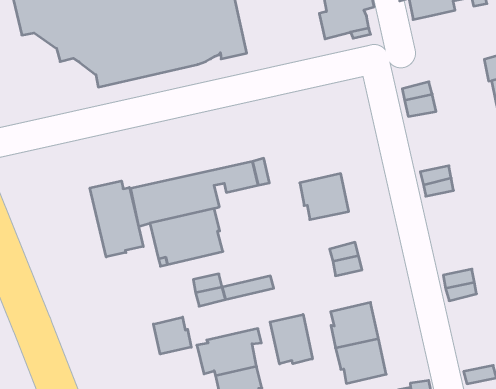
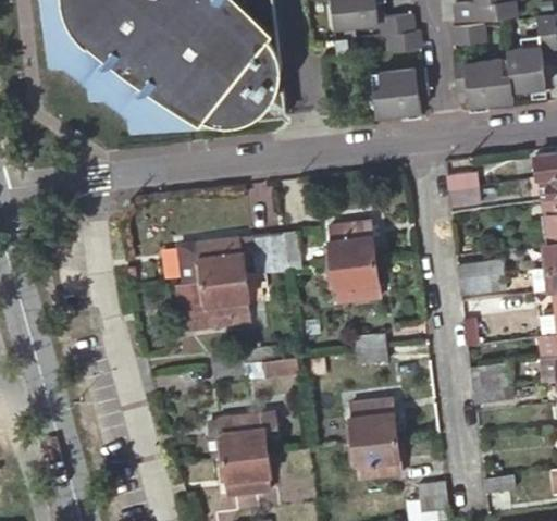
building: none -> [331,221,376,263]
building: [90,181,143,257] -> none
building: [270,314,312,364] -> none
building: [153,317,191,354] -> none

